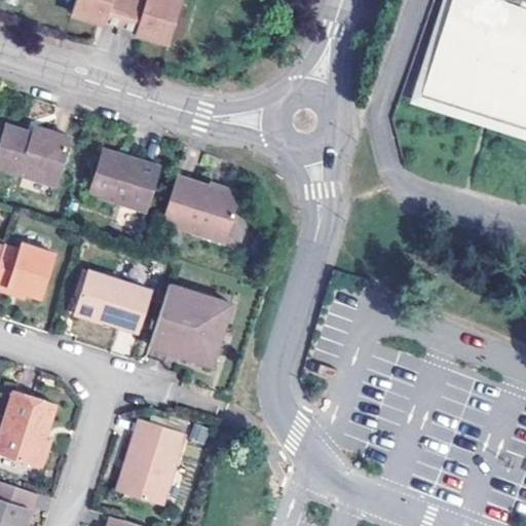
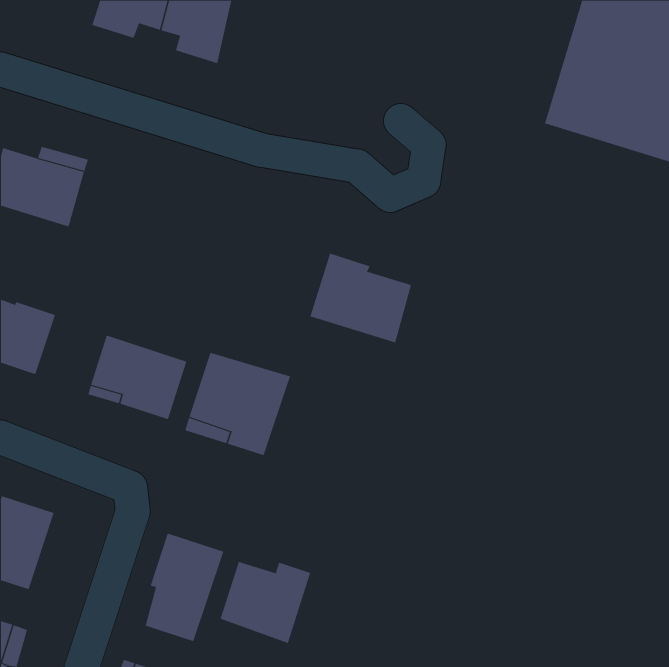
building: [93,147,154,206] -> none
building: [157,170,236,239] -> [310,253,412,343]
building: none -> [220,561,311,644]

